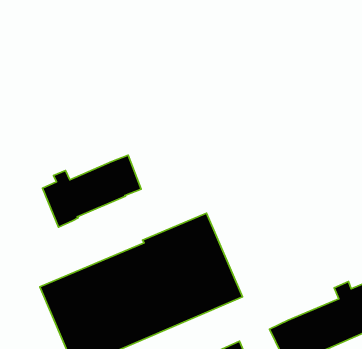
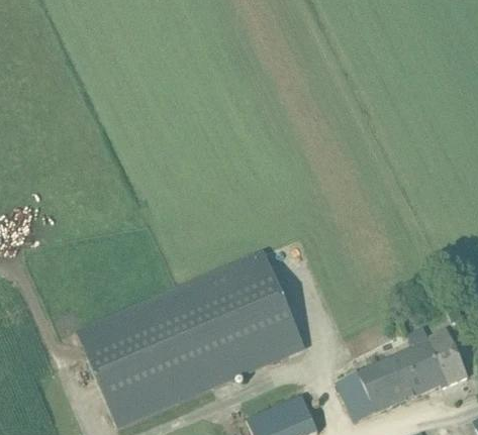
building: [42,155,141,227] -> none

